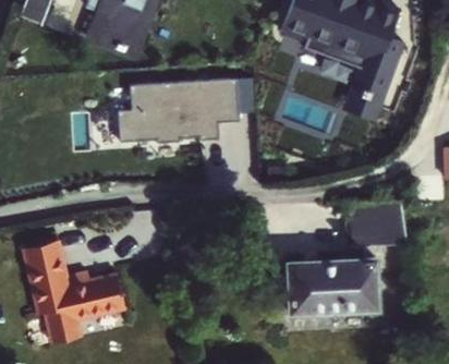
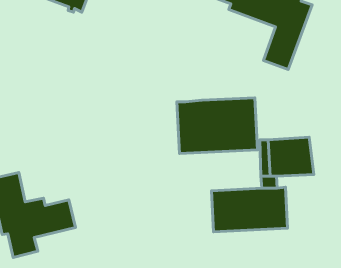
building: [121,78,243,143] -> none
building: none -> [177,98,258,154]

